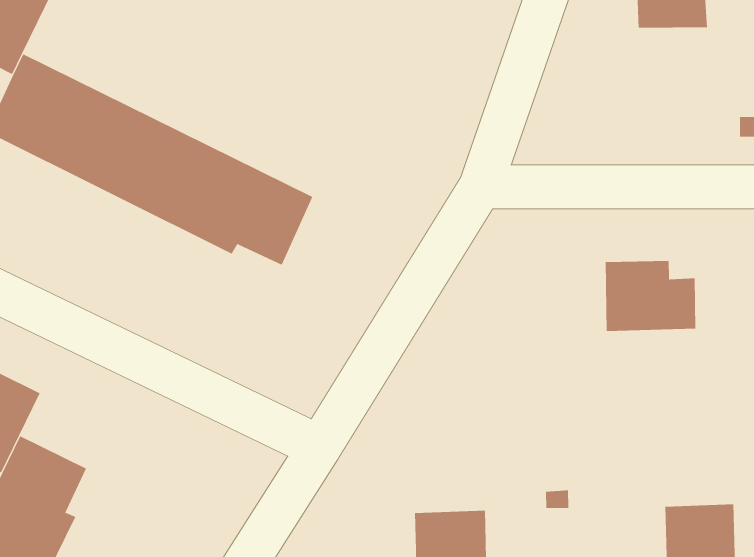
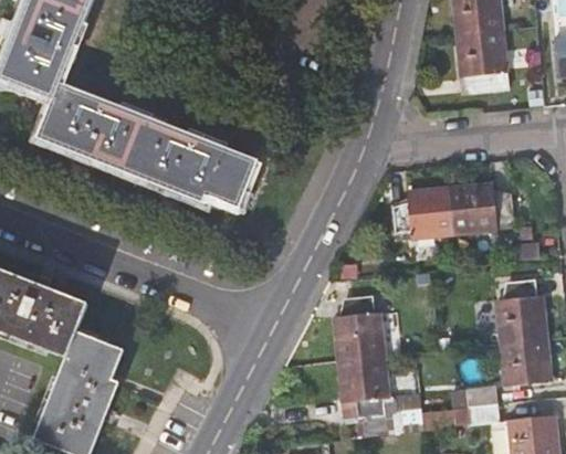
building: none -> [458,29,509,88]
building: none -> [392,187,453,237]
building: none -> [496,279,546,342]
building: none -> [334,297,385,360]

